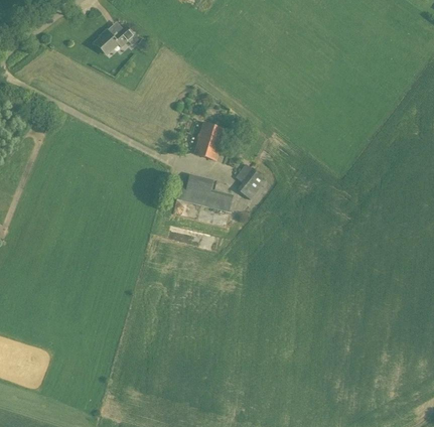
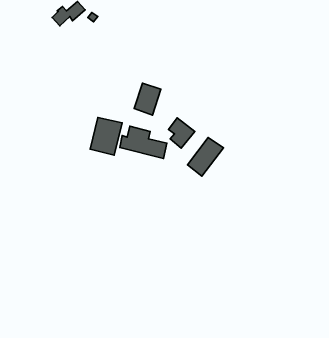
building: none -> [90,118,122,155]
building: none -> [187,137,223,176]

